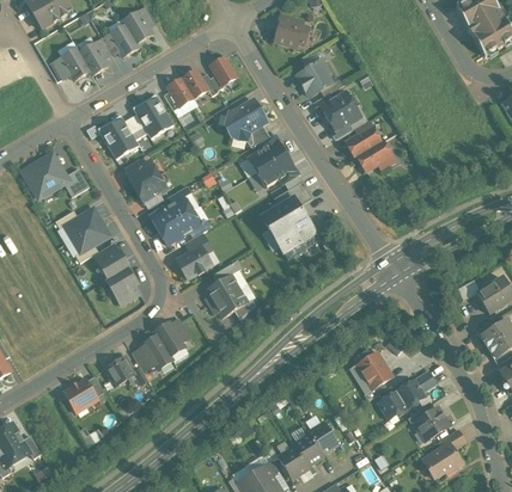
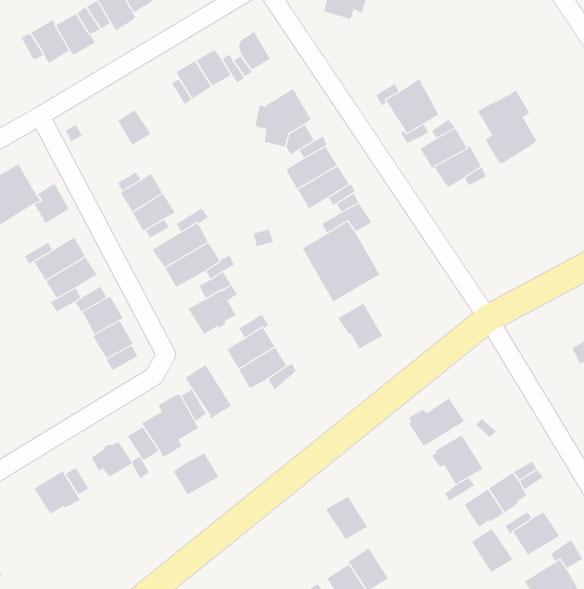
building: [298,61,331,96] -> none
building: [135,97,173,137] -> none
building: none -> [477,90,538,164]
building: [102,117,139,158] -> none
building: none -> [337,303,383,349]
building: none -> [185,364,232,419]
building: none -> [408,398,465,447]
building: none -> [173,453,219,496]
building: none -> [472,528,513,573]
building: [307,422,339,454] -> [325,496,368,540]

